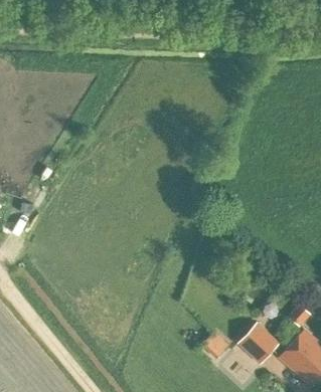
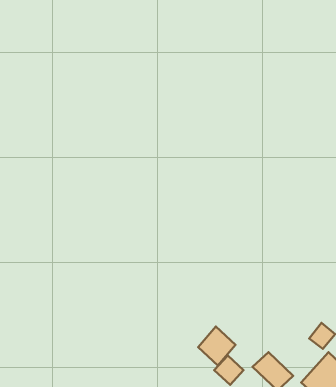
building: none -> [198,327,236,366]

